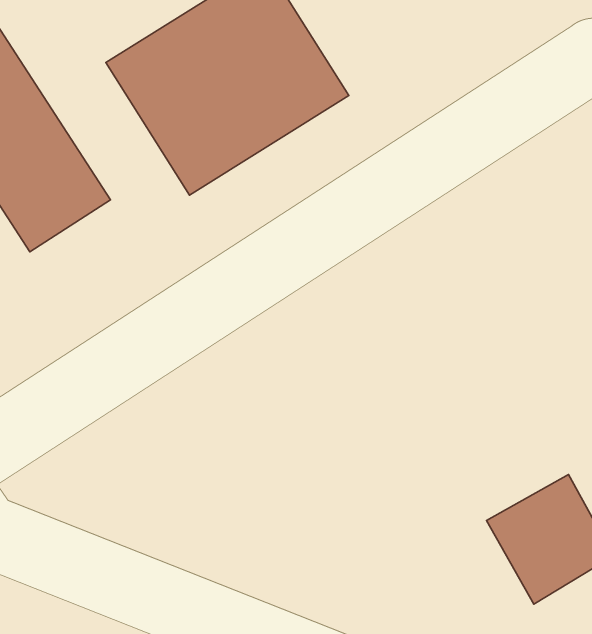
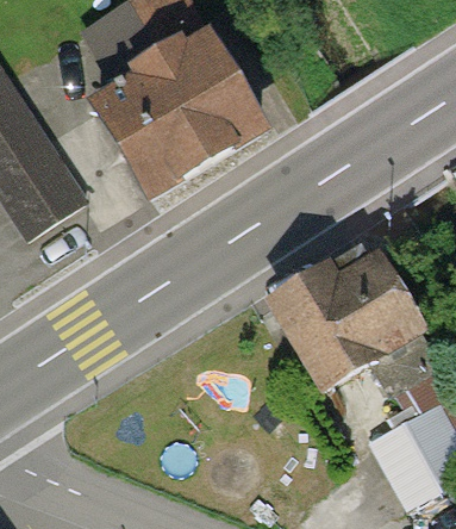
building: none -> [273,251,436,393]

